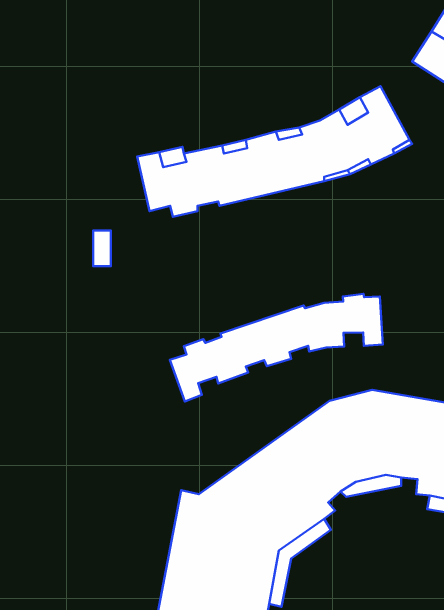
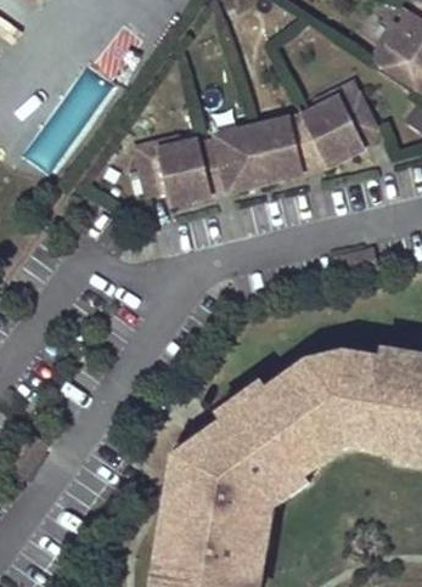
building: [170,294,383,401] -> none

